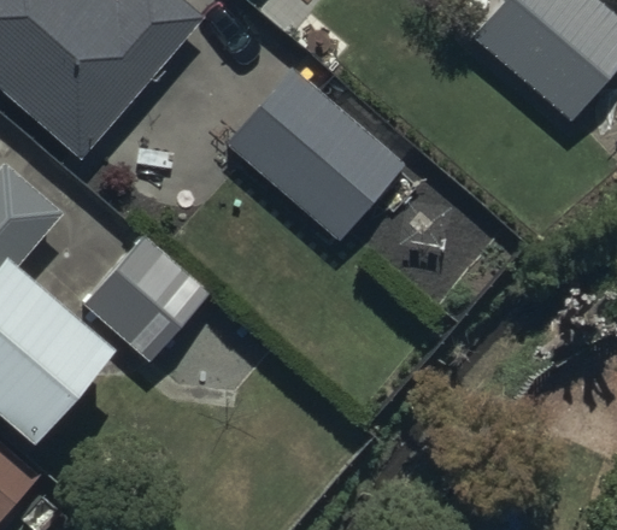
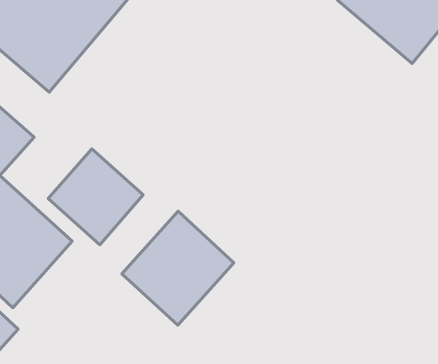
building: [225,71,399,237] -> none
building: none -> [122,211,234,325]

